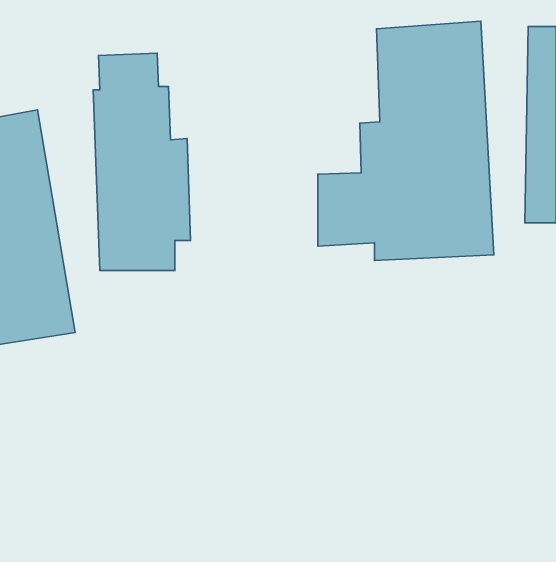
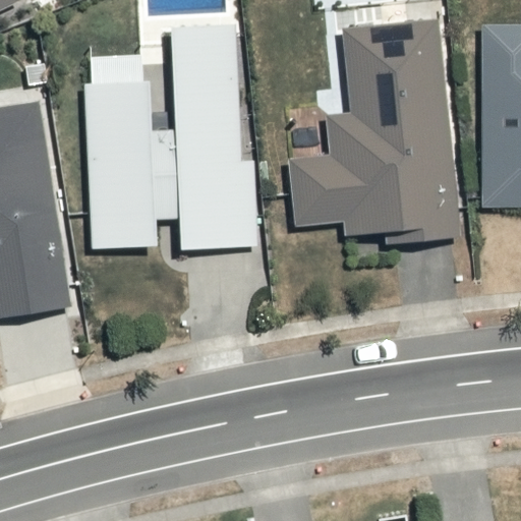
building: none -> [176,22,256,247]

